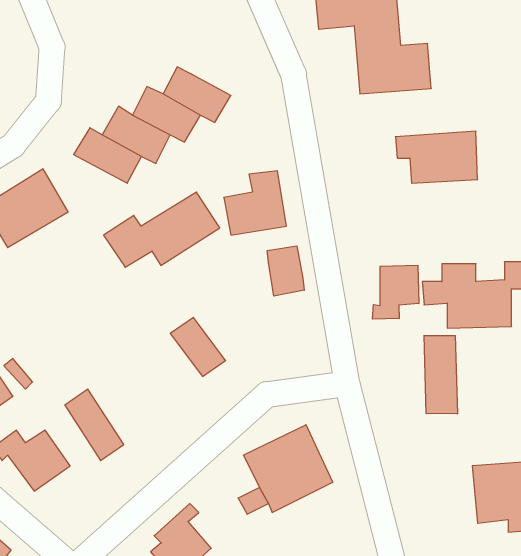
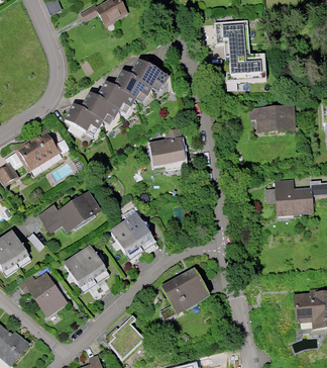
building: none -> [132,57,171,89]
building: [104,192,220,267] -> [37,190,103,233]
building: [267,246,304,296] -> none
building: [373,265,419,319] -> none
building: none -> [107,219,138,254]
building: [424,335,457,414] -> none
building: none -> [74,243,107,282]

